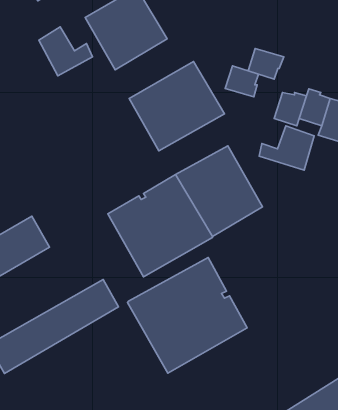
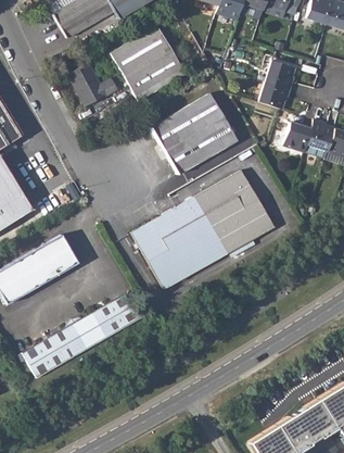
building: [225,66,259,97] -> [266,61,296,89]
building: [259,126,314,170] -> none
building: [128,258,247,373] -> none

